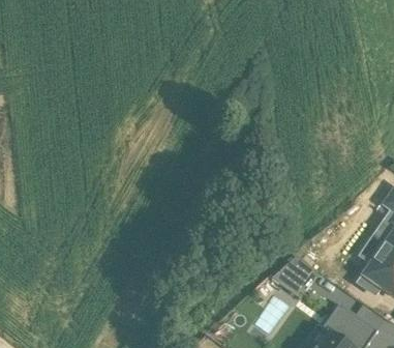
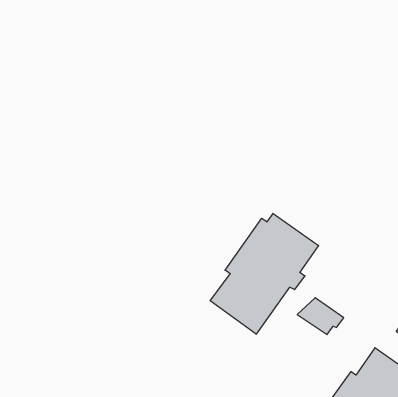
building: none -> [210,213,319,334]

